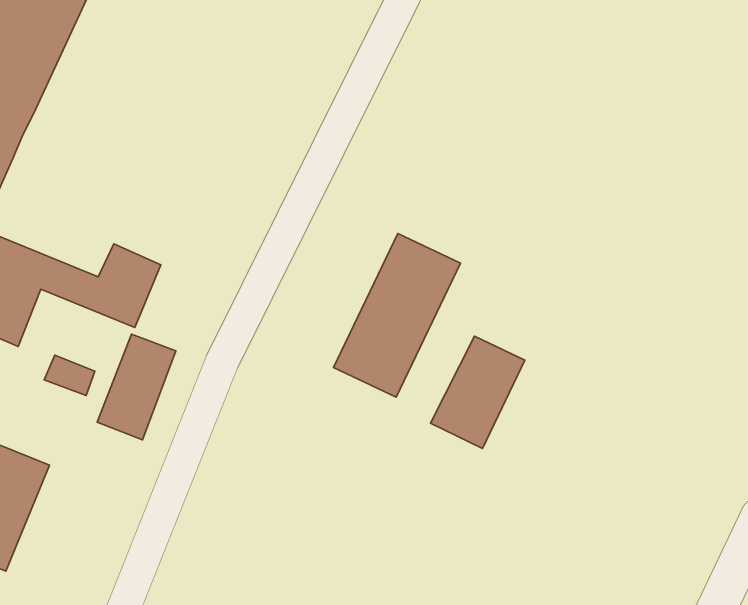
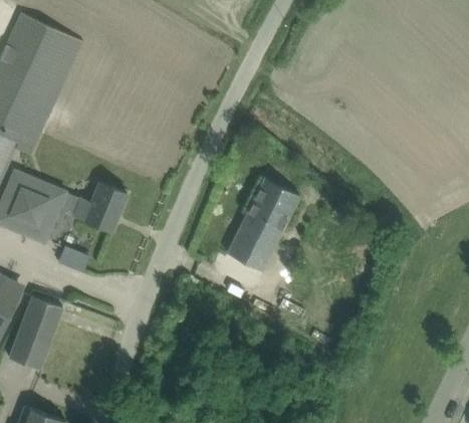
building: [97,334,176,440] -> none
building: [431,336,525,449] -> none

